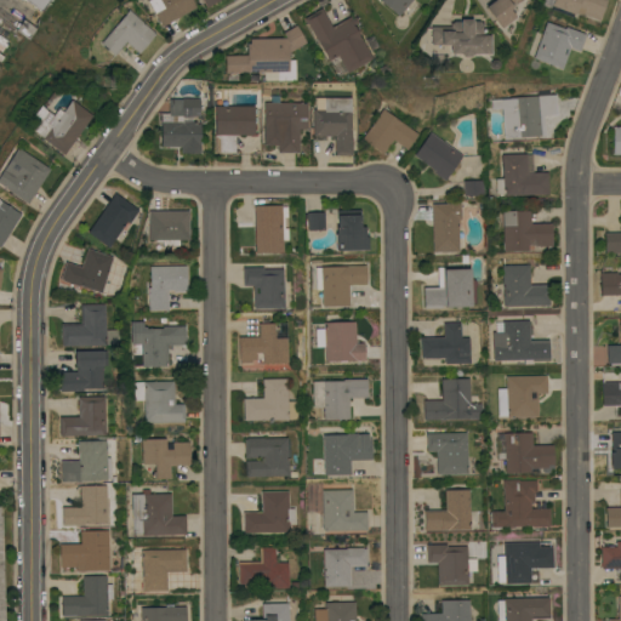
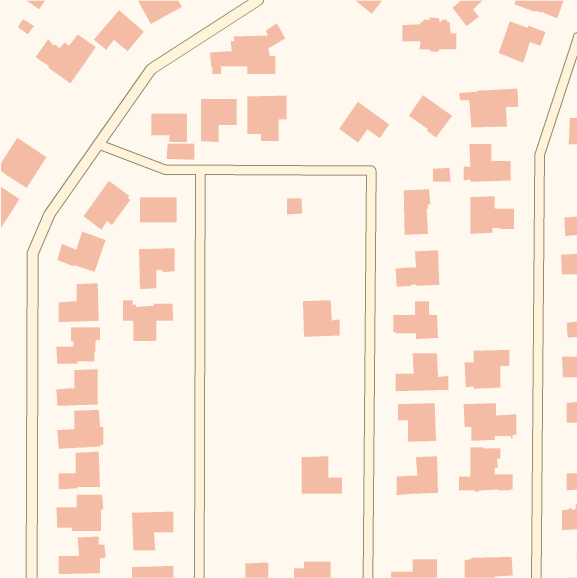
building: [304,7,375,73] -> none
building: [315,97,354,155] -> none
building: [170,98,201,116] -> [166,143,195,160]
building: [25,99,92,154] -> [35,33,97,84]
building: [416,132,465,180] -> [408,94,453,138]
building: [256,205,285,252] -> none
building: [336,210,370,250] -> none
building: [503,264,551,306] -> none
building: [323,266,369,306] -> none
building: [244,267,286,308] -> none
building: [494,320,551,364] -> none
building: [240,323,290,363] -> none
building: [245,378,298,420] -> none
building: [314,378,369,418] -> none
building: [135,381,187,422] -> none
building: [324,433,375,474] -> none
building: [246,437,291,477] -> none
building: [143,438,192,479] -> none
building: [132,489,187,535] -> none
building: [244,491,296,532] -> none
building: [506,542,554,583] -> none
building: [428,543,469,585] -> none
building: [239,547,290,588] -> none
building: [325,547,369,587] -> none

